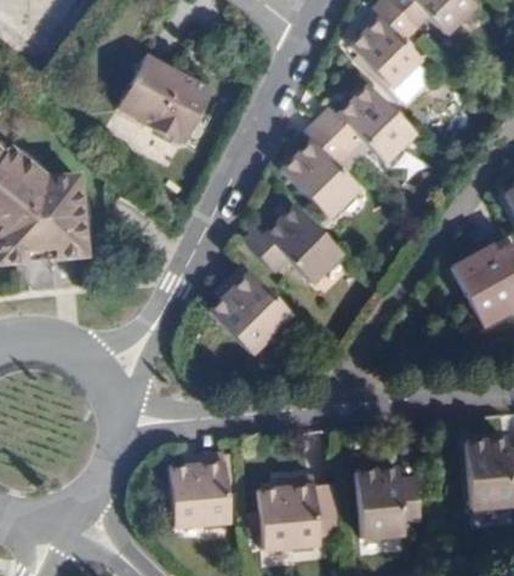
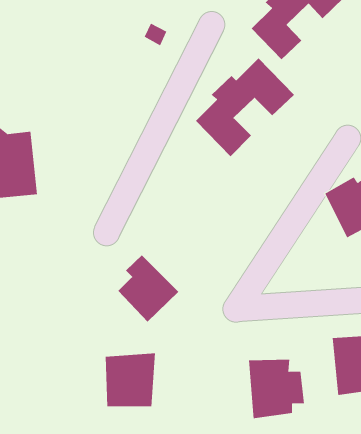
building: [131,56,213,143] -> none
building: [247,203,345,281] -> none
building: [215,263,295,352] -> [118,255,179,323]
building: [255,487,322,560] -> none

